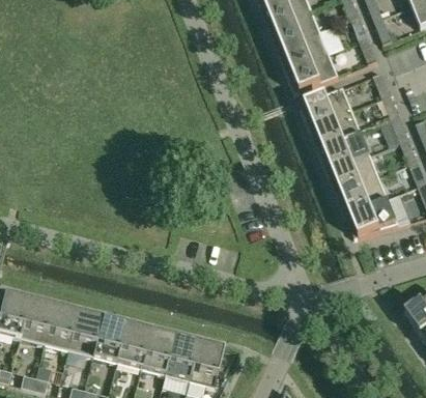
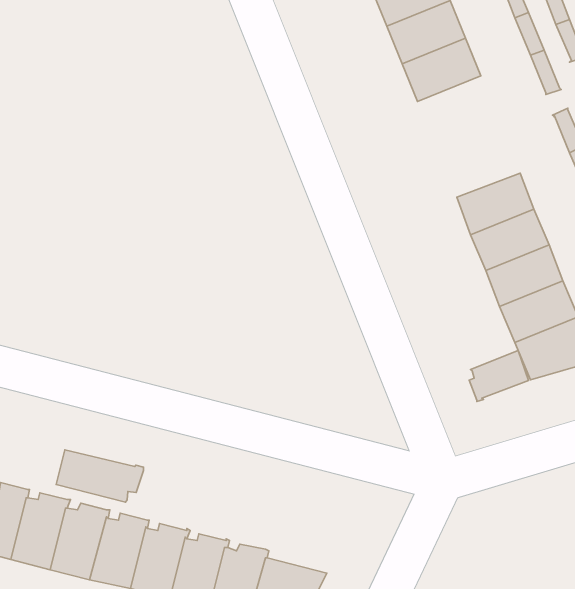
building: [290,52,338,91] -> none
building: [305,87,352,125] -> none
building: none -> [469,350,528,402]
building: none -> [56,450,143,502]

